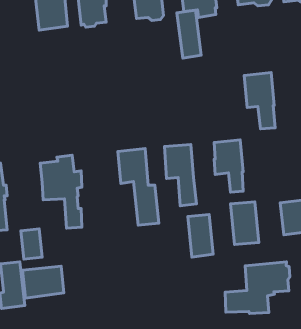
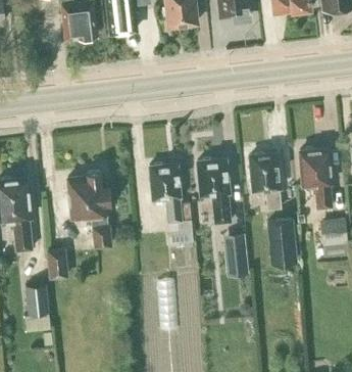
building: [177,10,201,58] -> none
building: [244,73,275,129] -> [300,149,333,208]
building: [225,262,290,314] -> none
building: [23,266,64,298] -> none

